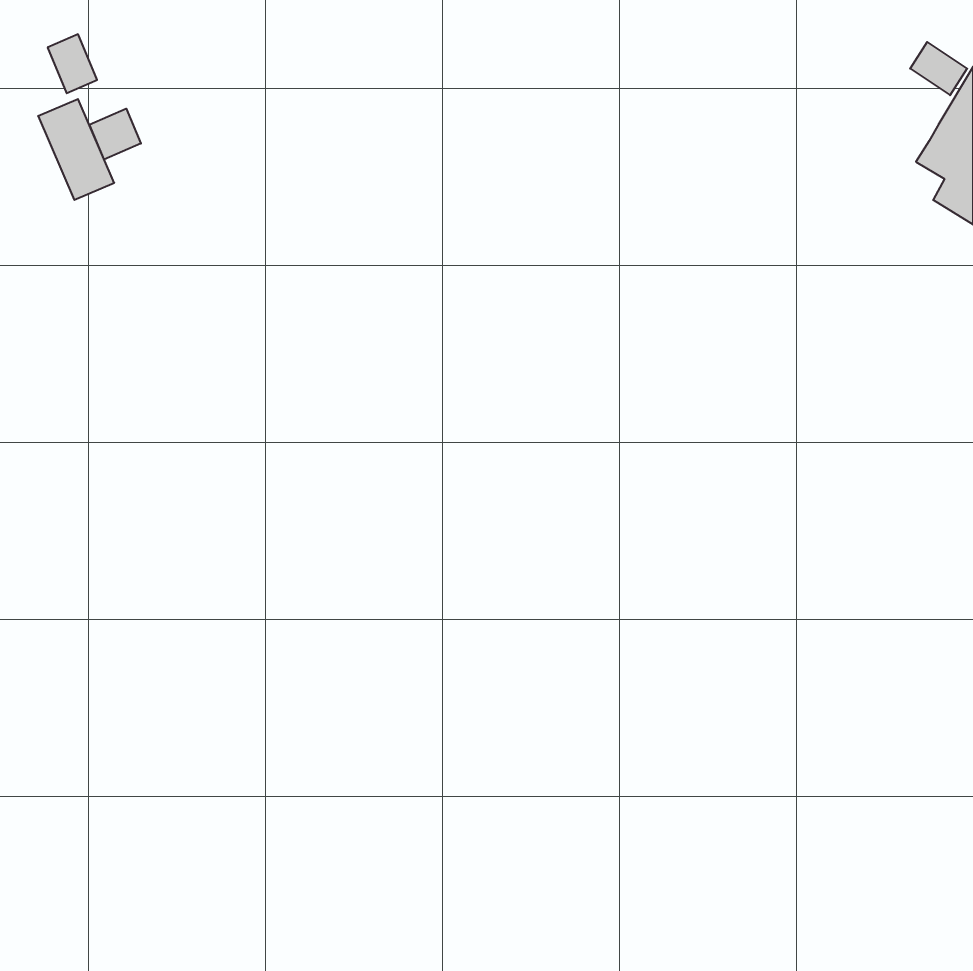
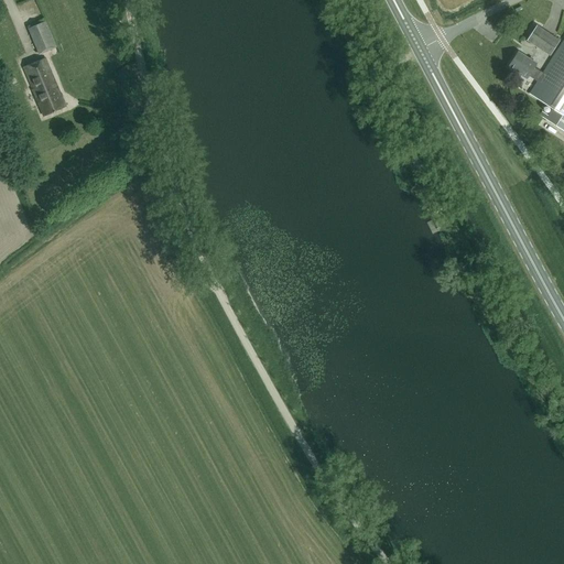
building: none -> [508,51,543,82]
building: [90,109,141,160] -> none

